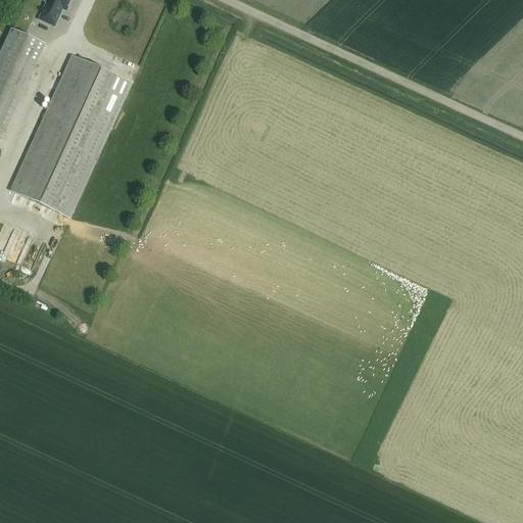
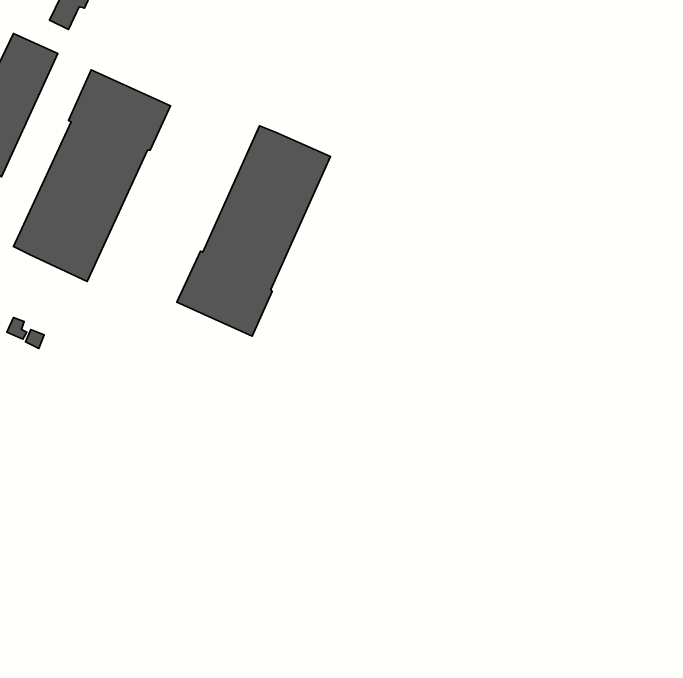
building: none -> [177,126,331,336]

